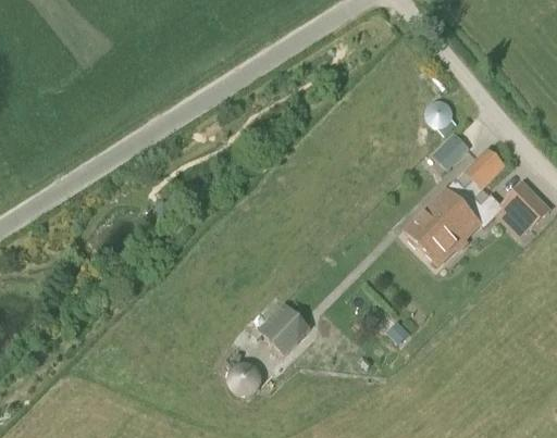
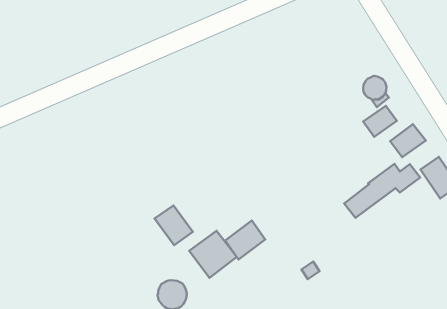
building: [403,179,472,250] -> none
building: none -> [155,205,193,245]
building: none -> [225,221,265,259]

